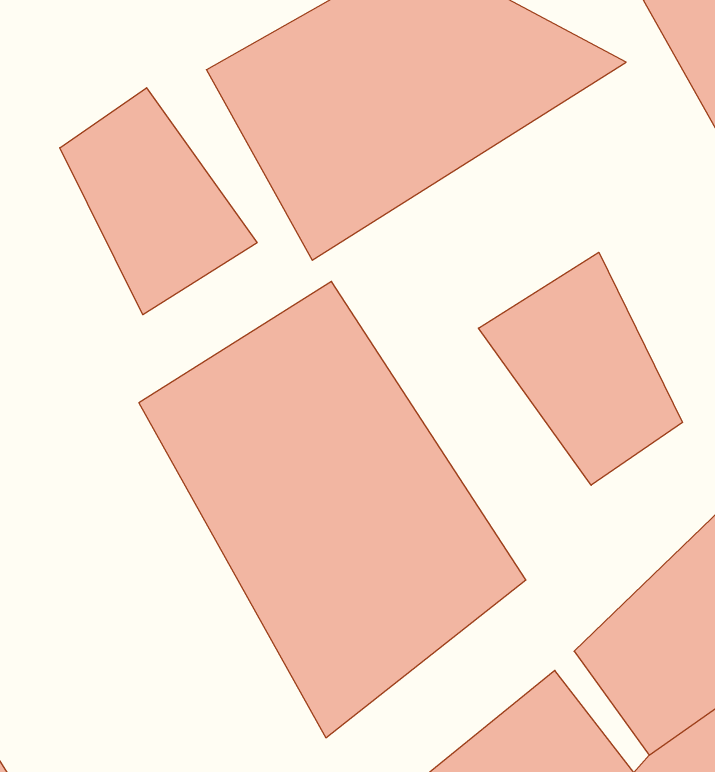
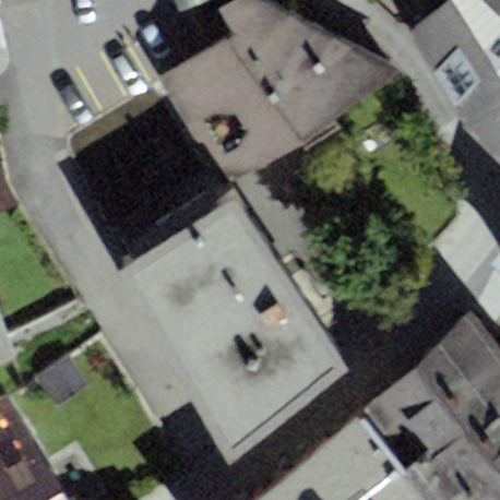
building: [60,88,257,315] -> none
building: [478,252,683,485] -> none

